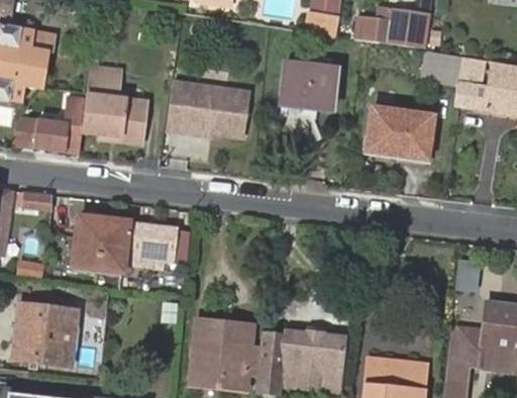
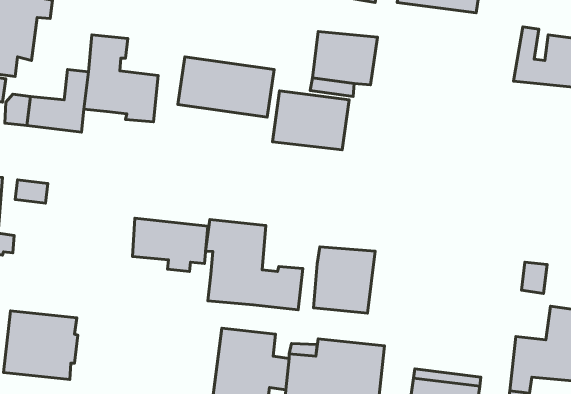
building: [420,53,460,82] -> none
building: [366,106,432,158] -> [273,91,349,150]
building: [74,219,126,272] -> none
building: none -> [206,219,303,310]
building: none -> [313,247,375,313]

